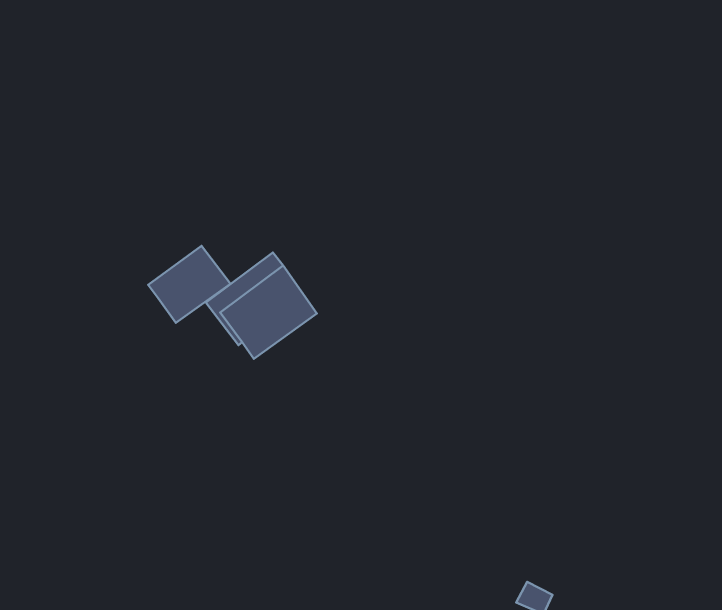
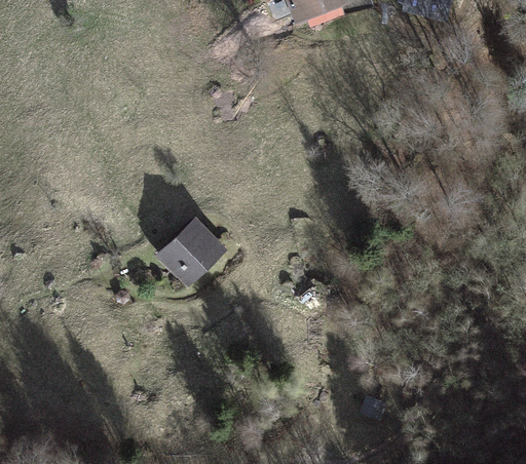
building: [148,246,231,323] -> none

